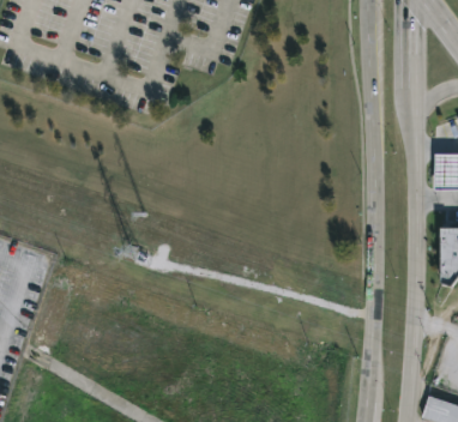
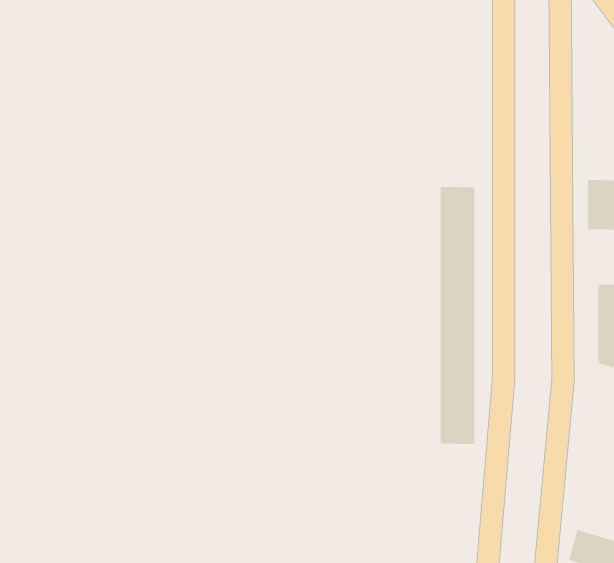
building: none -> [440,186,475,445]

